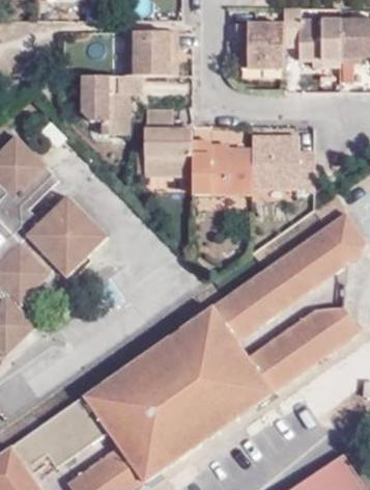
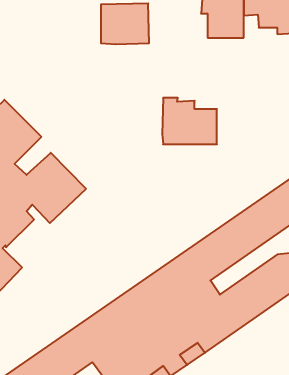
building: [81,73,139,128] -> none
building: [144,105,191,175] -> none
building: [251,133,313,186] -> none

